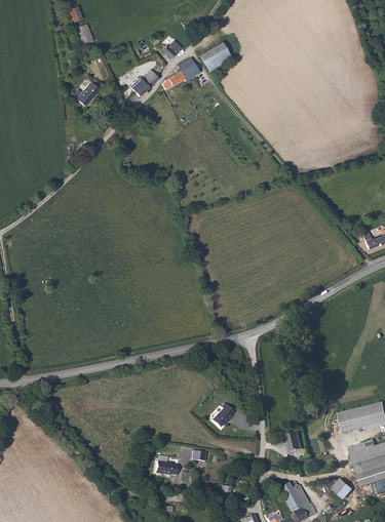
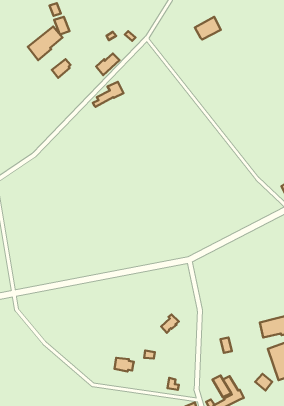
building: none -> [28,27,63,60]
building: [198,42,231,71] -> [195,17,221,39]
building: [161,59,200,91] -> [93,82,123,107]

